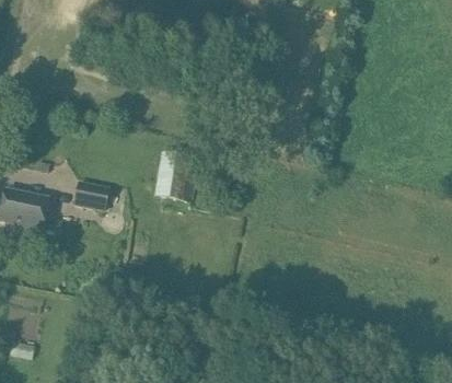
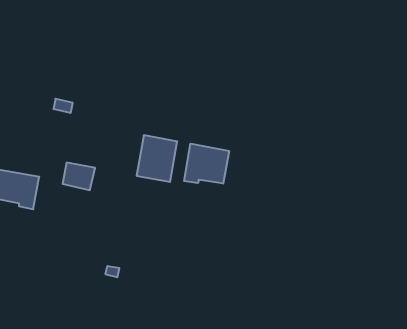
building: none -> [184,144,229,184]

